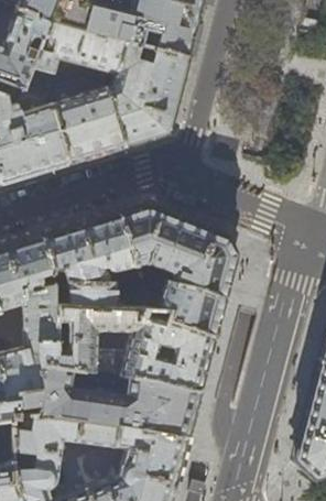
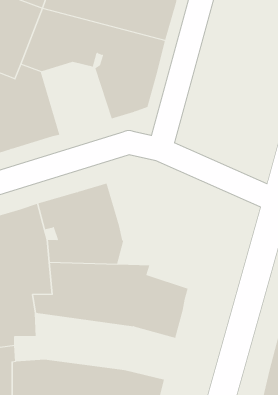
building: [48,83,127,164] -> none
building: [122,210,235,337] -> none
building: [19,364,199,439] -> none

